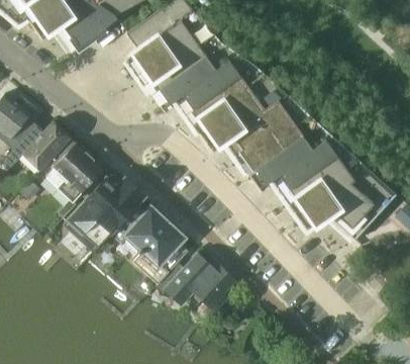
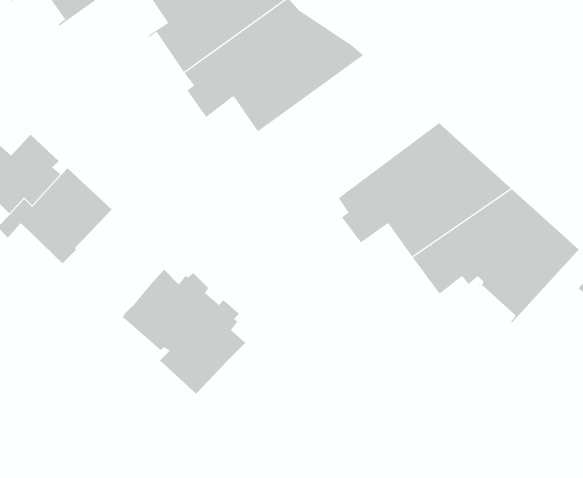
building: [194,71,308,161] -> none
building: [65,168,143,249] -> none
building: [153,253,234,312] -> none

